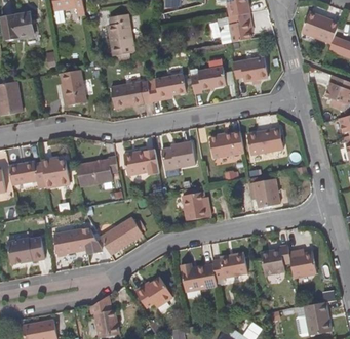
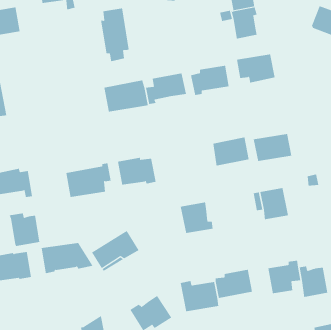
building: [60,69,86,105] -> none
building: [162,141,196,169] -> none
building: [41,157,70,187] -> [9,213,40,247]

